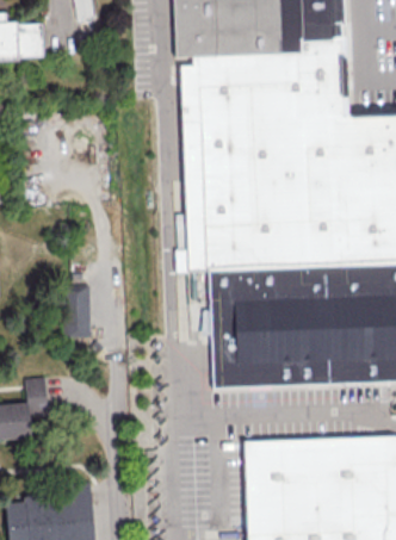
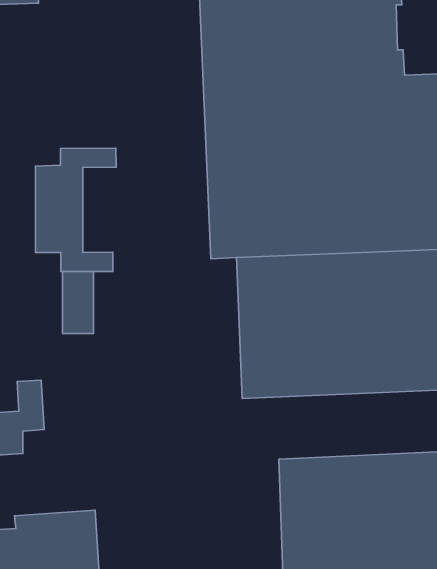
building: none -> [35,148,116,272]

